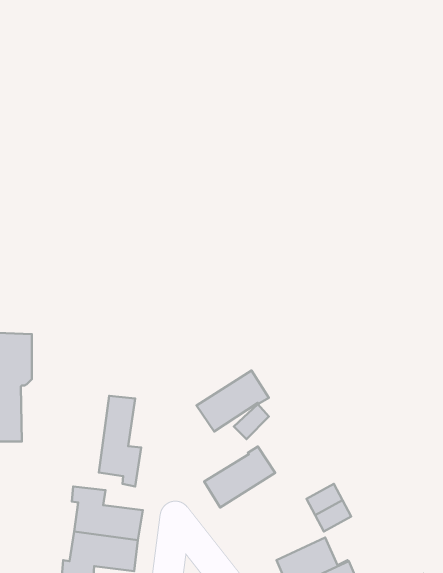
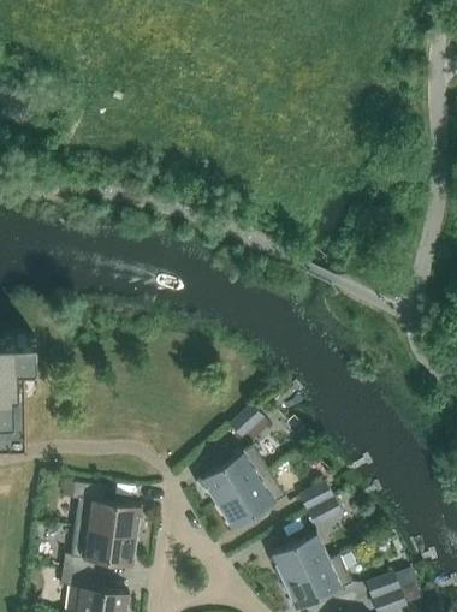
building: [197,370,269,432] -> [215,471,285,530]
building: [99,396,141,486] -> none

